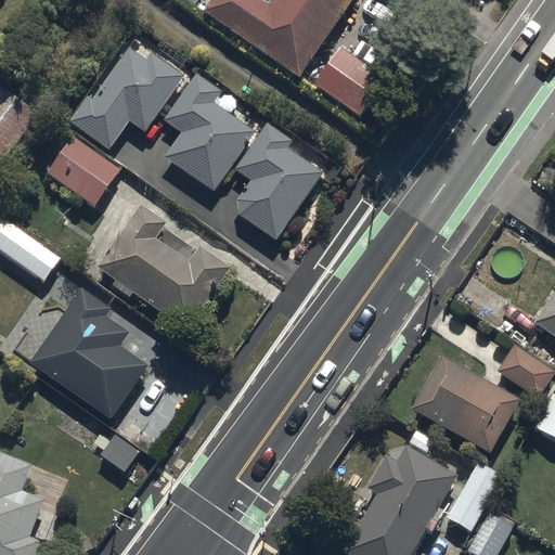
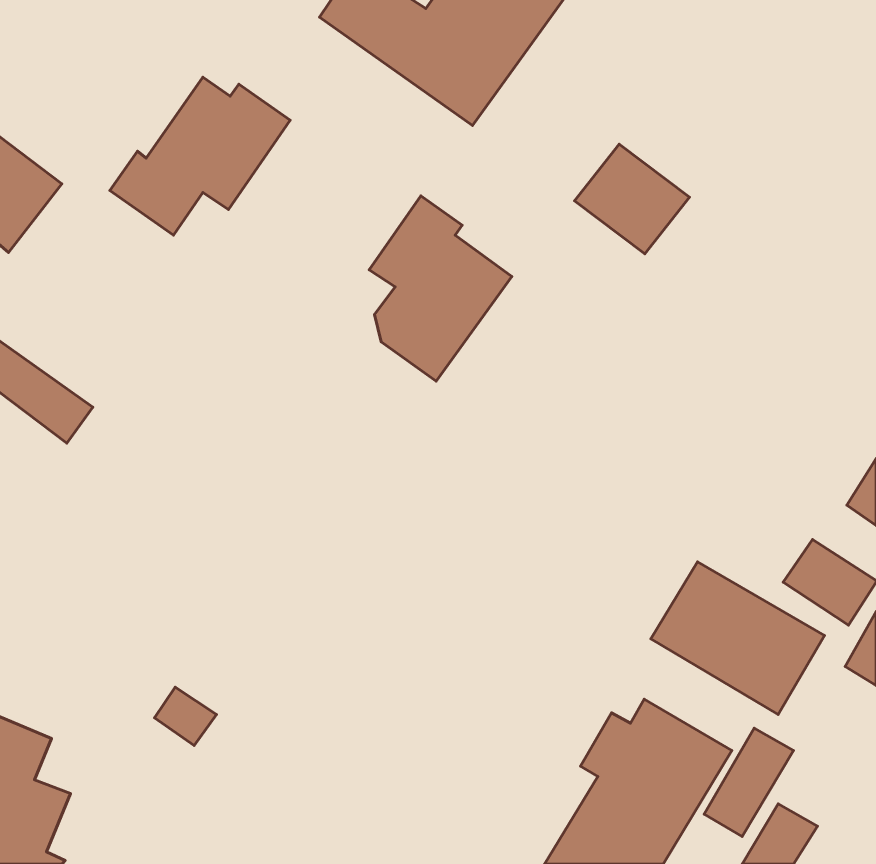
building: [315,47,388,116] -> [574,144,689,254]
building: [164,75,253,190] -> none
building: [46,135,119,205] -> none
building: [99,207,230,332] -> none
building: [28,288,147,421] -> none

